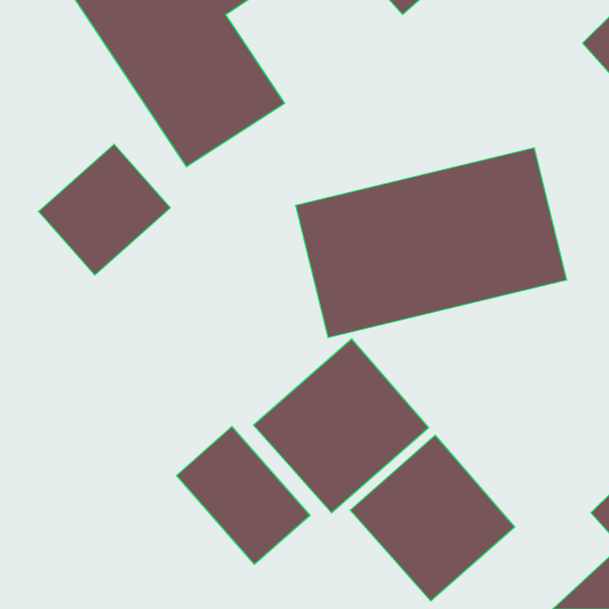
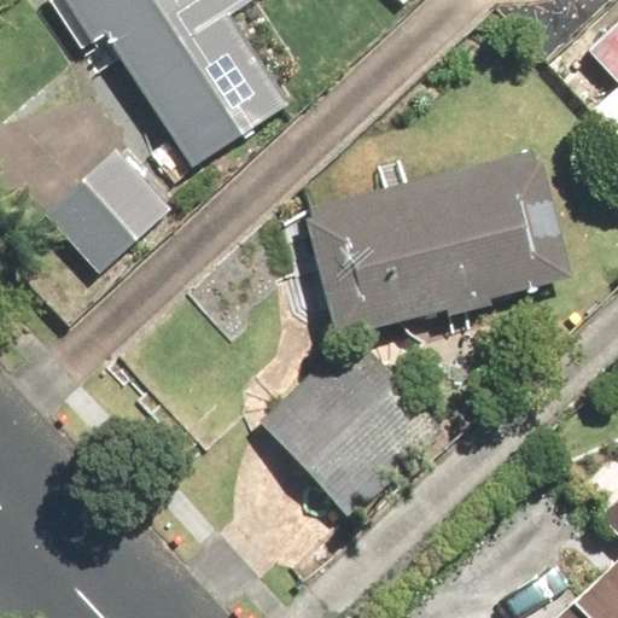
building: [176,426,310,564] -> none
building: [350,435,515,601] -> none

